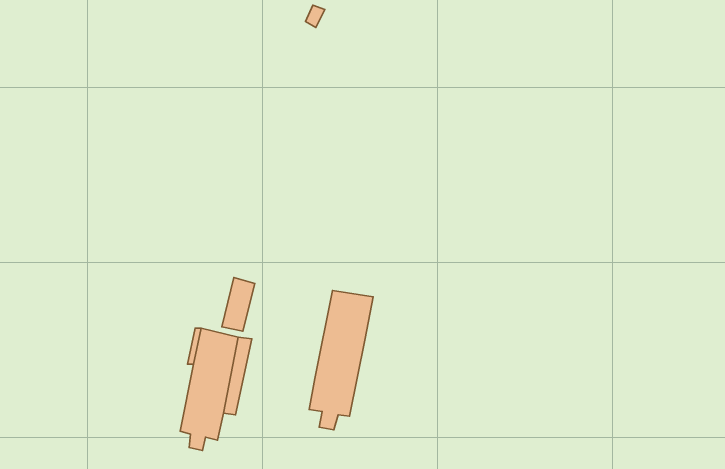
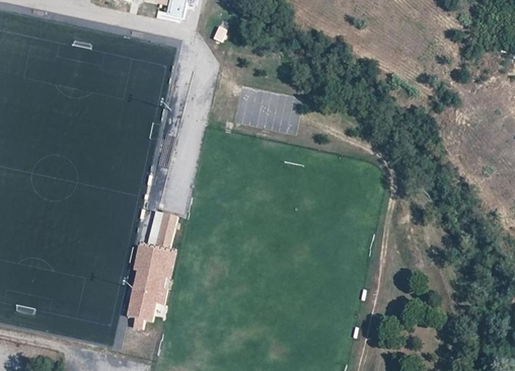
building: [309,290,373,430] -> none

